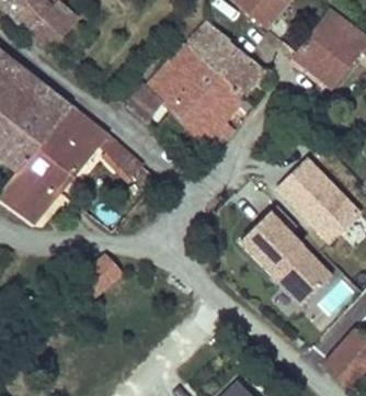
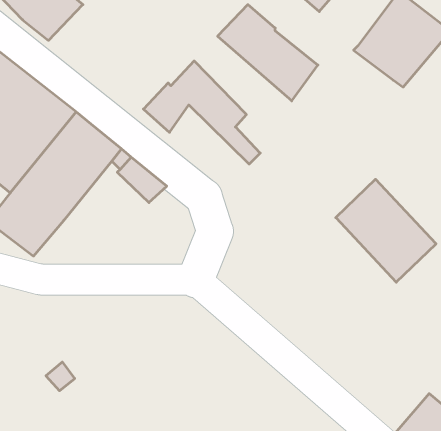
building: [165,46,243,139] -> none
building: [242,214,328,299] -> none
building: [78,256,123,299] -> none

